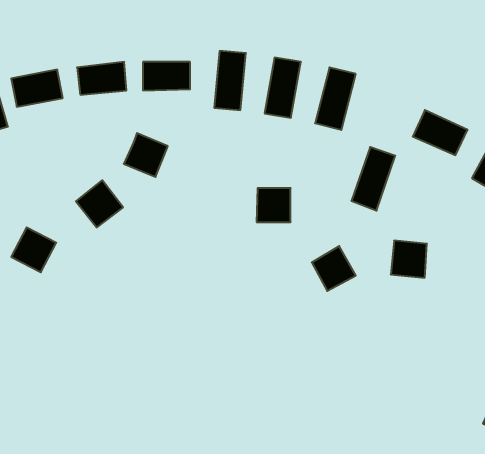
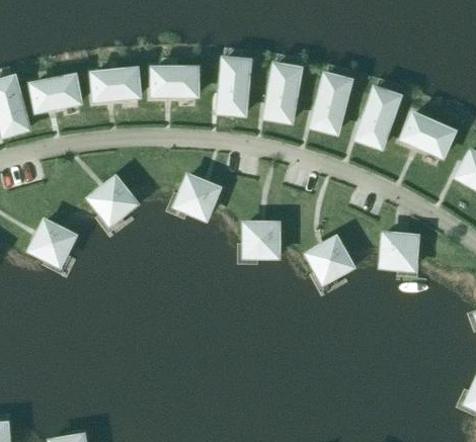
building: [124,133,168,177] -> [177,175,218,215]
building: [351,147,395,211] -> [359,87,399,146]
building: [257,188,291,222] -> [246,223,277,254]

